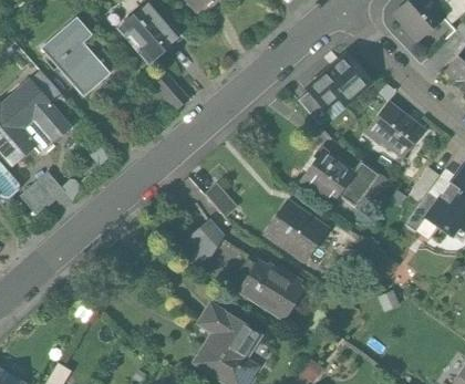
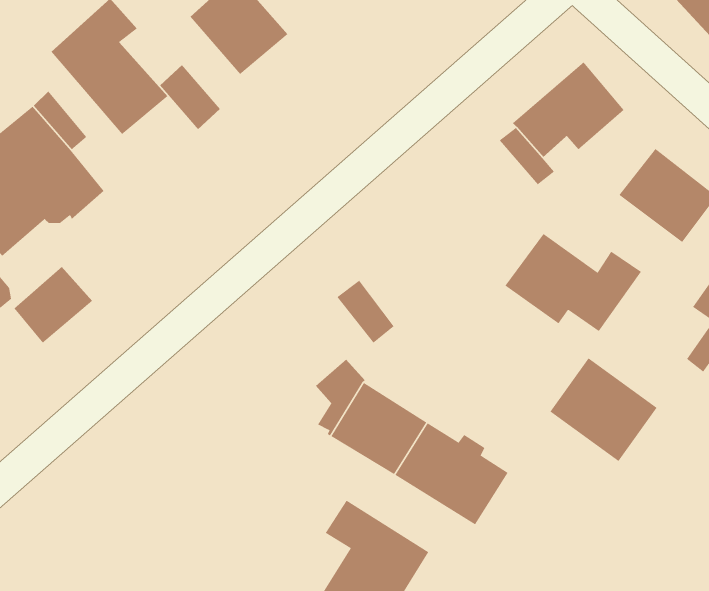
building: [153,73,188,111] -> [159,64,221,130]
building: [265,201,327,261] -> [549,358,658,462]

